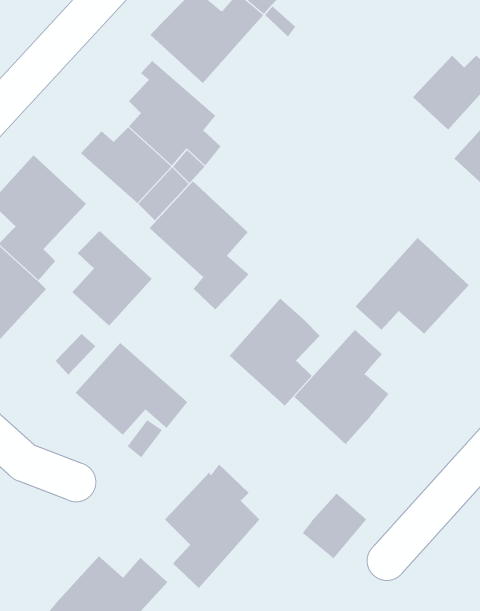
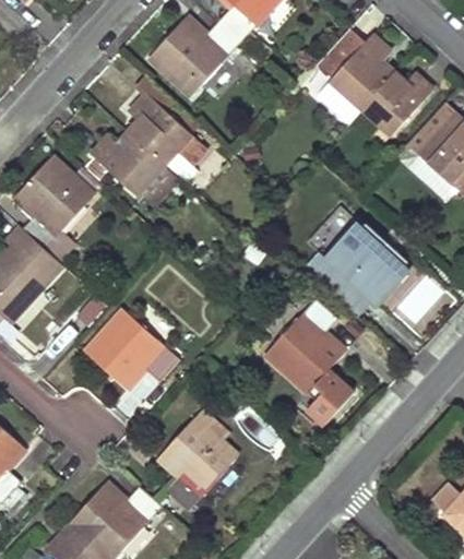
building: none -> [302,34,394,122]
building: [149,180,249,310] -> none
building: [72,230,152,326] -> none
building: [229,298,320,406] -> none
building: [302,493,367,559] -> [299,370,353,425]

